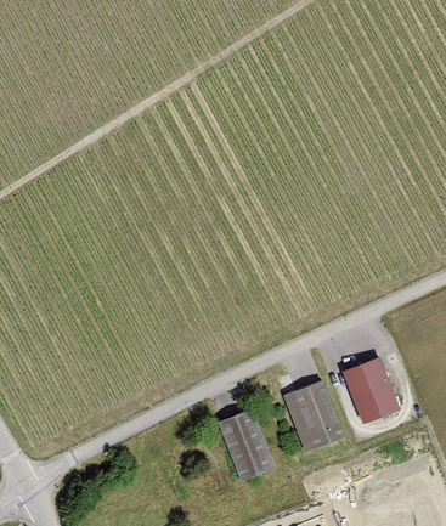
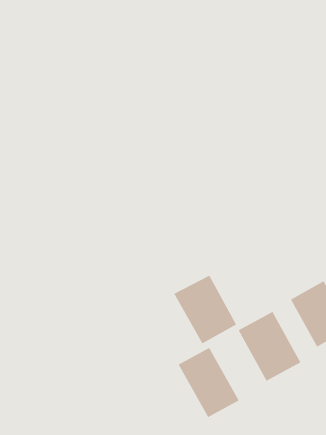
building: none -> [174,275,237,344]

